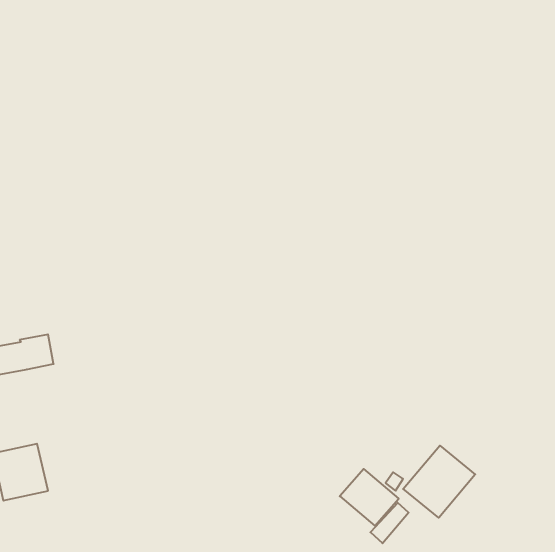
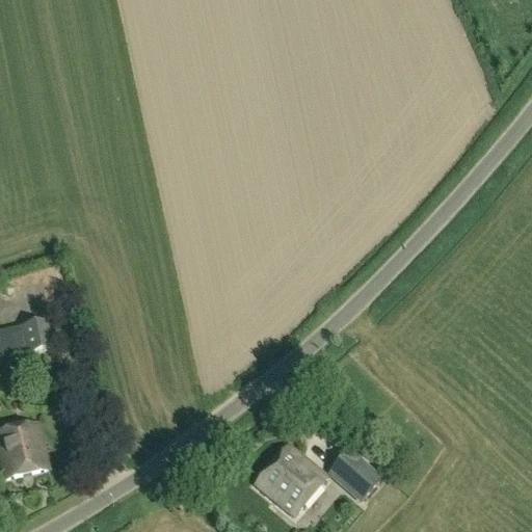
building: [403,446,475,518] -> none
building: none -> [254,444,323,517]

